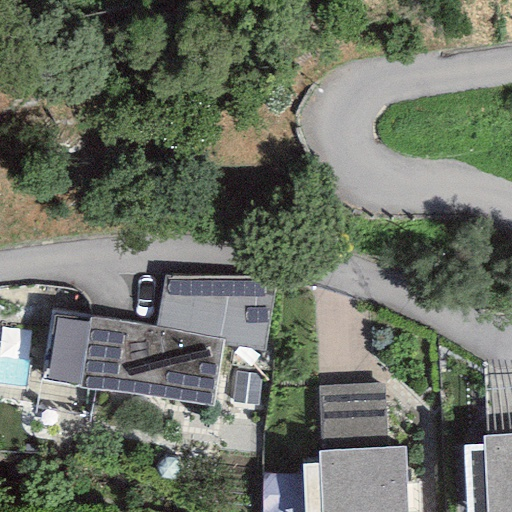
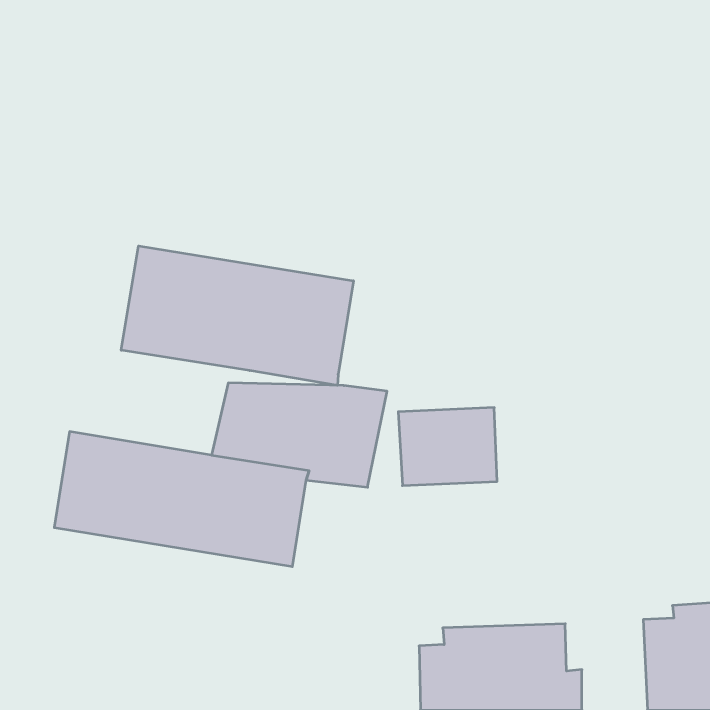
building: none -> [121,246,353,385]
building: [317,383,388,439] -> [398,408,497,486]

